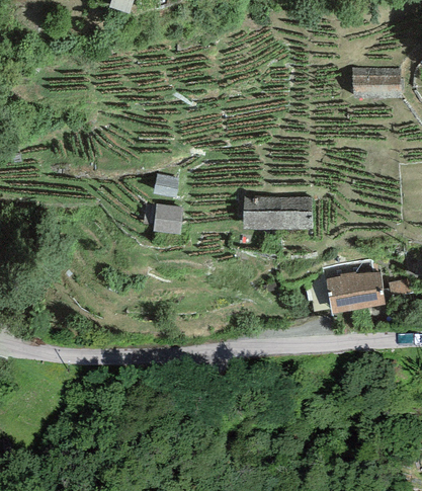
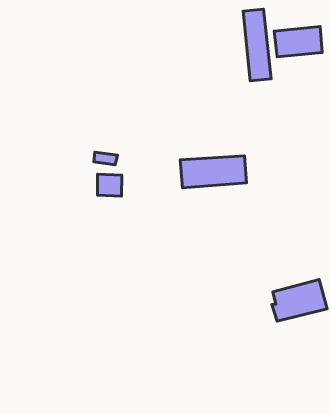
building: none -> [243,9,271,81]
building: [327,269,385,310] -> [272,280,327,321]

